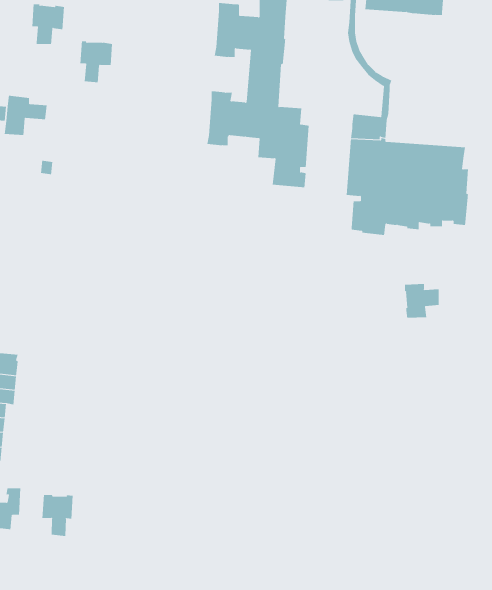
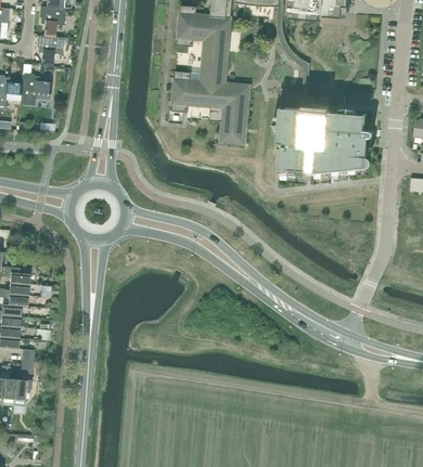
building: [80,41,113,83] -> [38,35,63,66]
building: [404,283,439,319] -> none
building: [42,494,73,537] -> none

